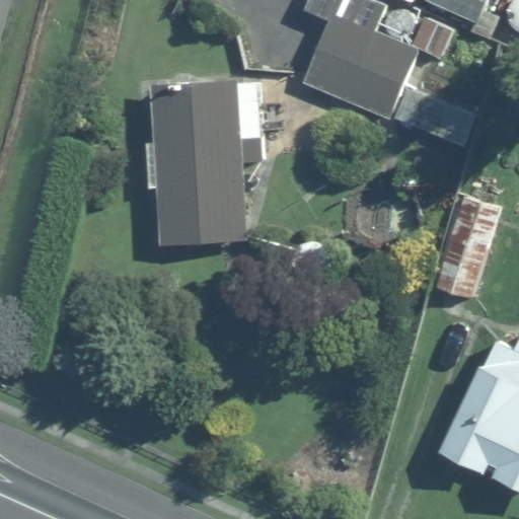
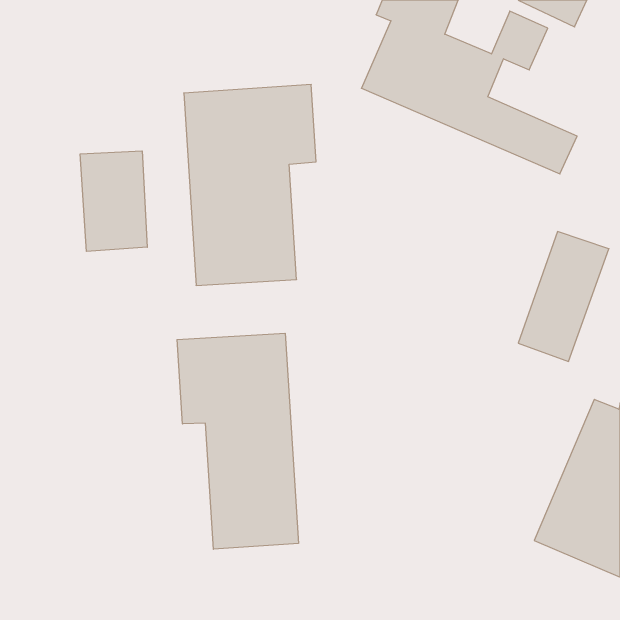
building: none -> [80,151,147,251]
building: none -> [177,333,298,549]

